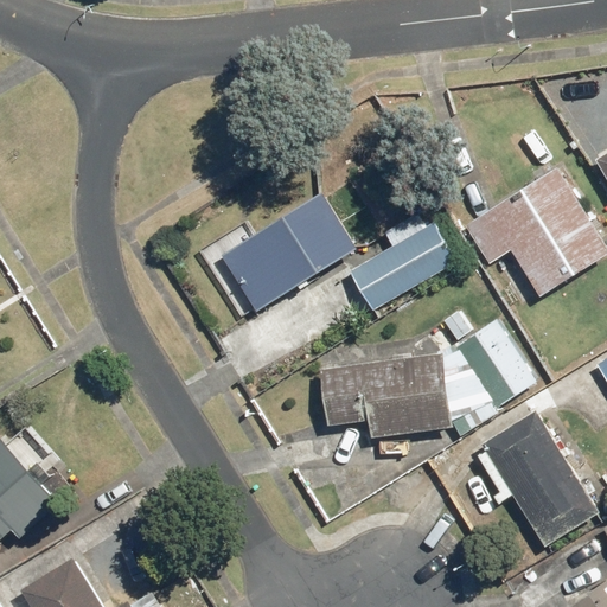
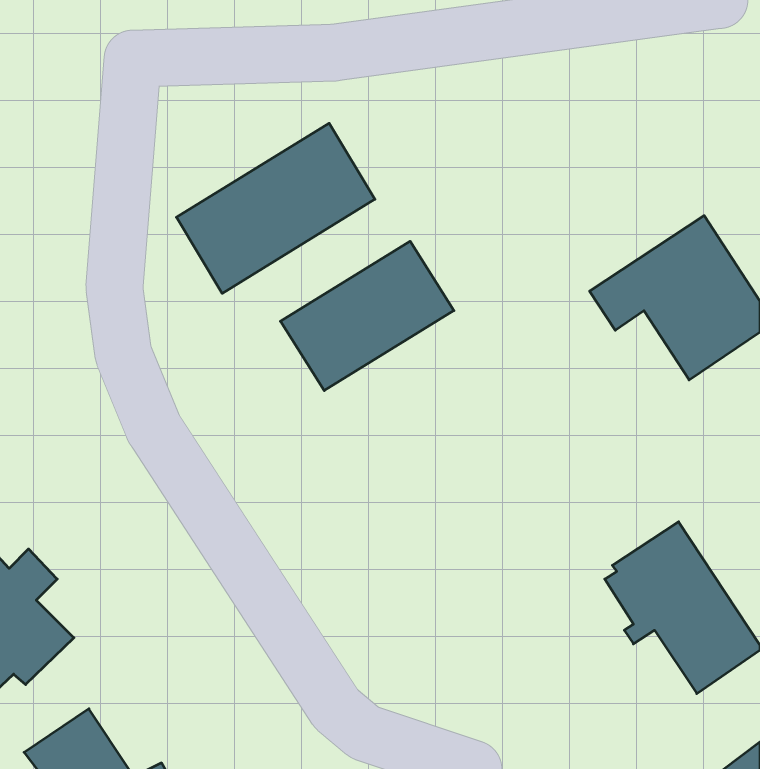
building: none -> [176,123,375,293]
building: [347,206,454,309] -> none
building: [320,312,535,440] -> none

